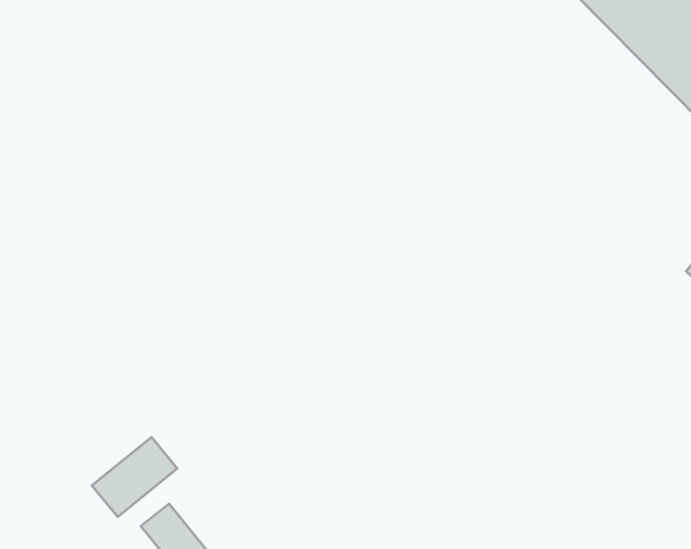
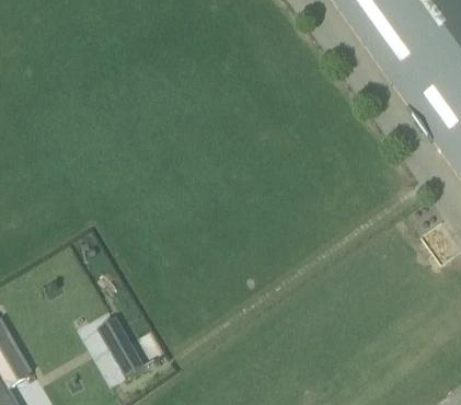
building: [92,437,177,517] -> none

